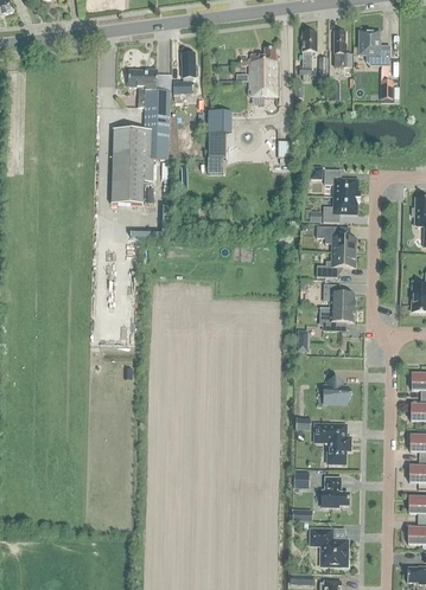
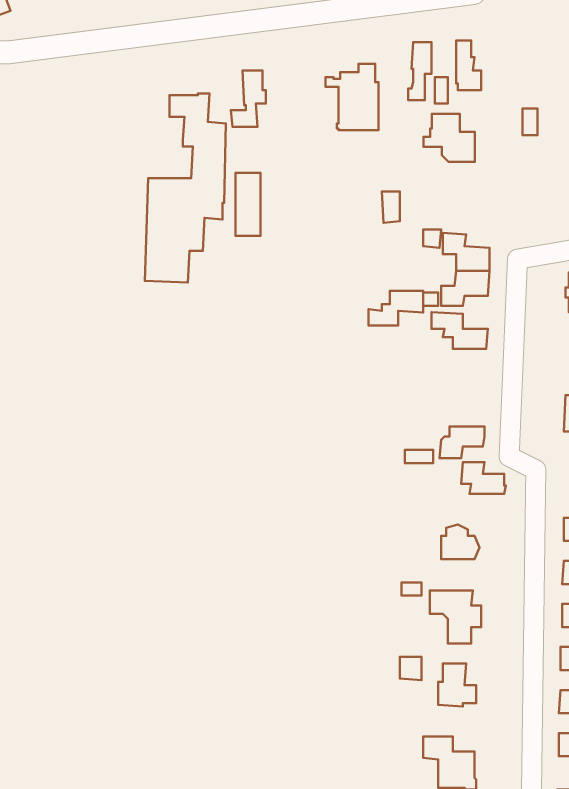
building: [354,31,390,65] -> [424,114,475,162]
building: [209,110,227,155] -> [236,173,260,236]
building: [317,251,356,276] -> [368,291,423,326]
building: [324,284,356,307] -> [461,462,506,494]

